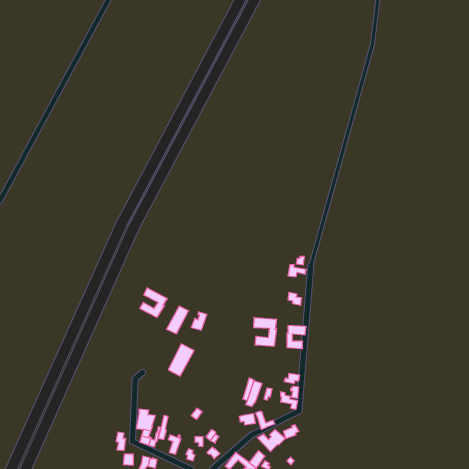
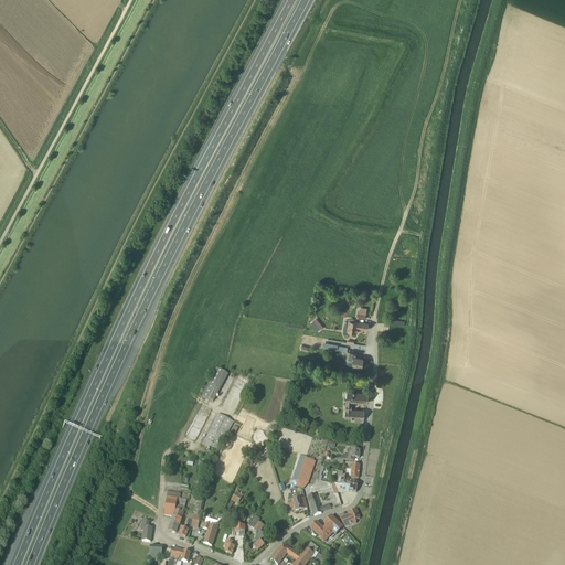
building: [140,288,167,317] -> none
building: [254,317,276,346] -> none

